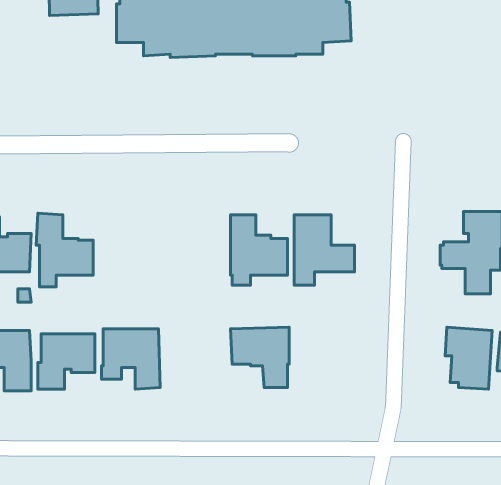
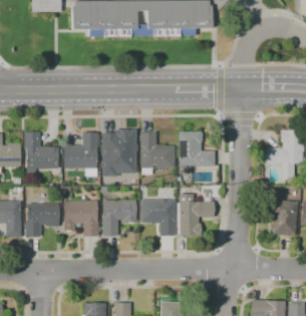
building: none -> [102,130,135,177]
building: none -> [64,132,97,177]
building: none -> [177,186,221,237]
building: none -> [102,201,136,237]

